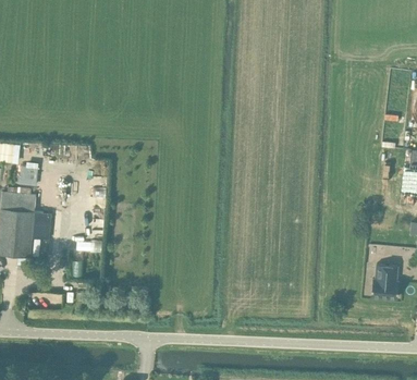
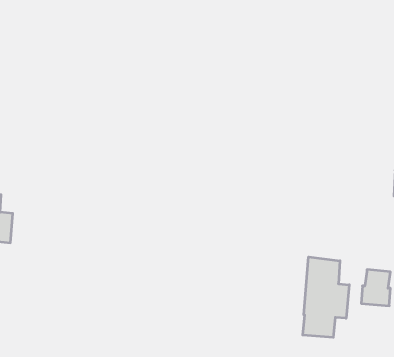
building: none -> [303,257,349,337]

